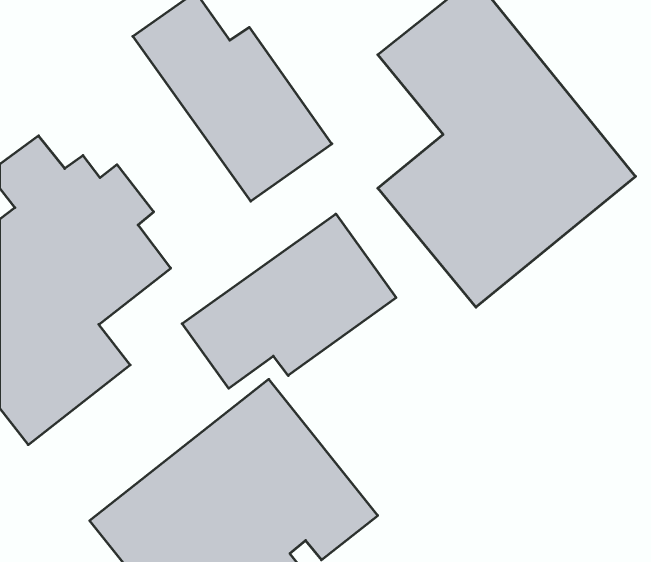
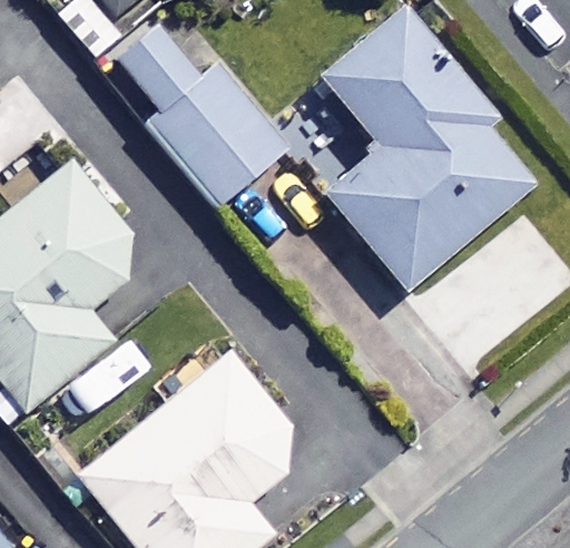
building: [182,214,396,388] -> none

